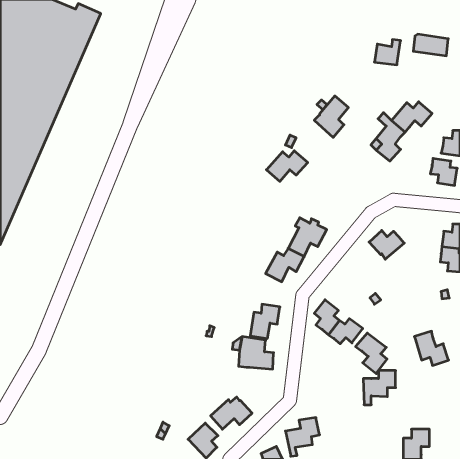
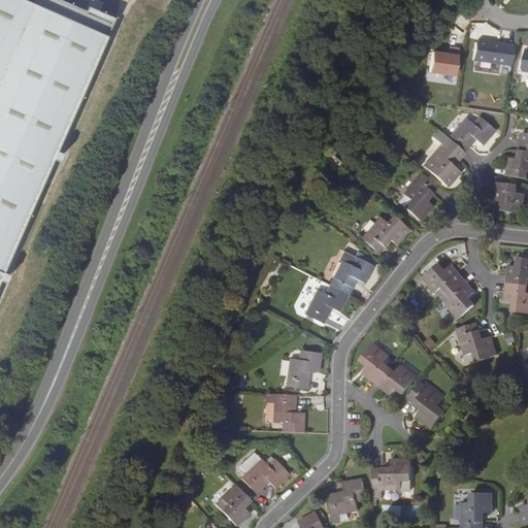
building: [314,96,348,137] -> [398,172,437,220]
building: [266,151,308,181] -> [362,216,409,251]
building: none -> [441,278,474,318]
building: [414,331,449,365] -> [457,322,496,361]
building: [363,371,396,405] -> [373,459,410,498]

